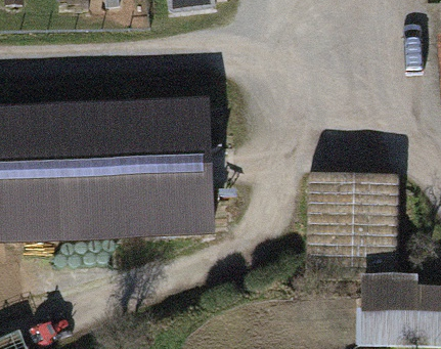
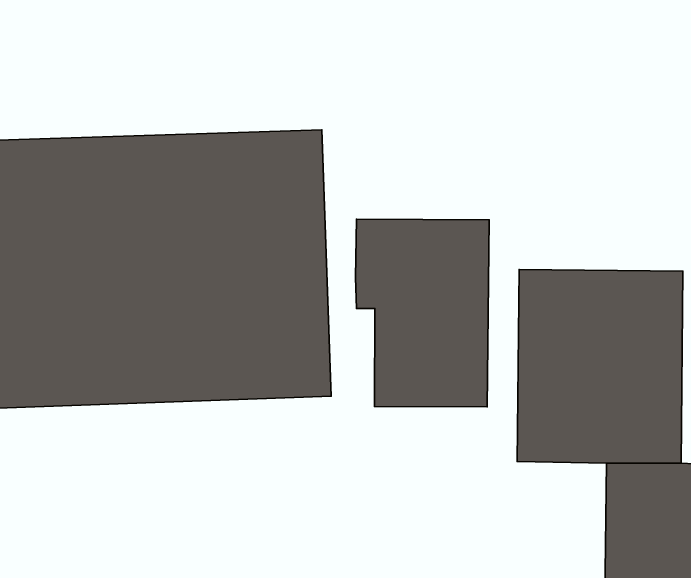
building: none -> [355,219,489,407]

